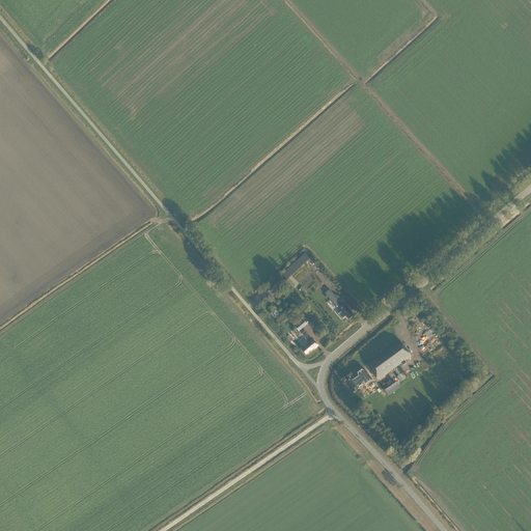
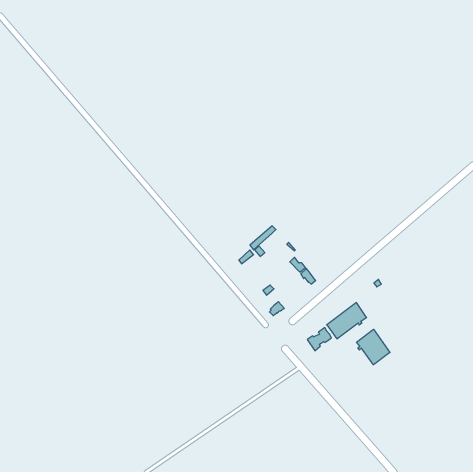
building: none -> [356,329,390,365]

